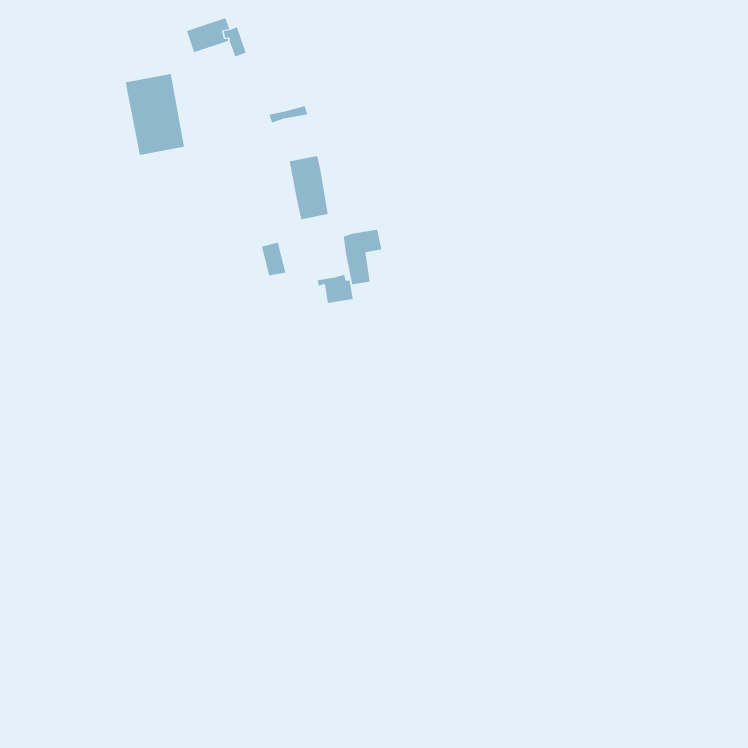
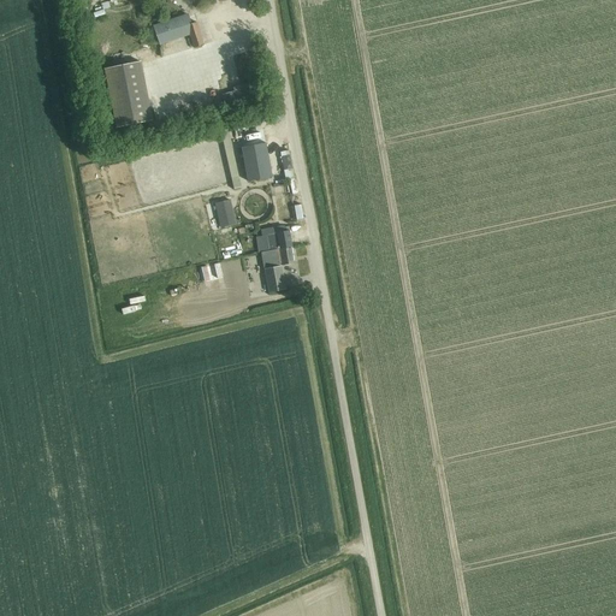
building: [343,229,382,285] -> [261,245,294,291]

